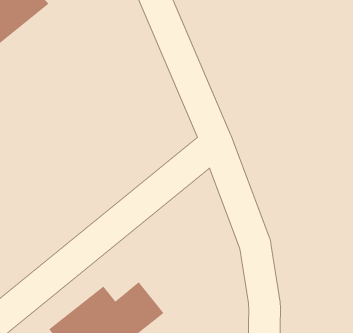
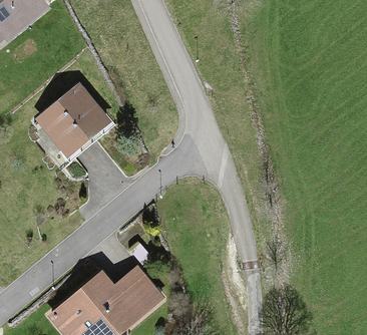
building: none -> [39,88,108,155]

